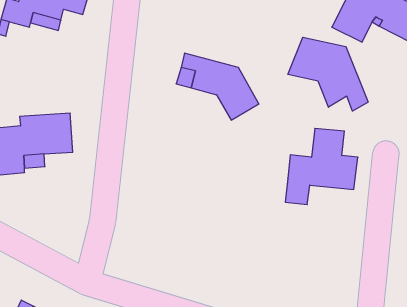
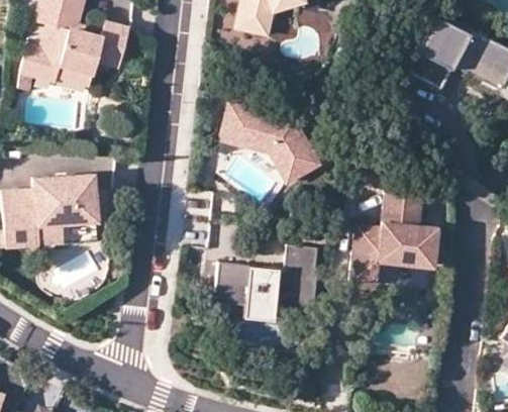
building: [288,37,368,111] -> none
building: none -> [216,247,320,323]

